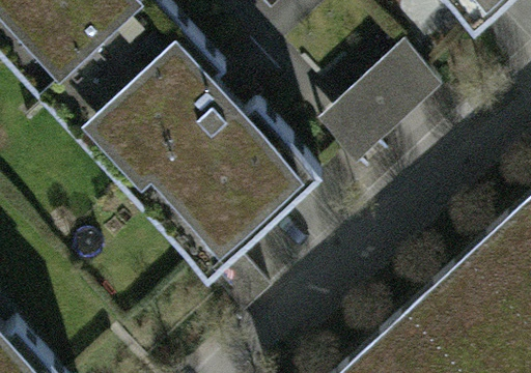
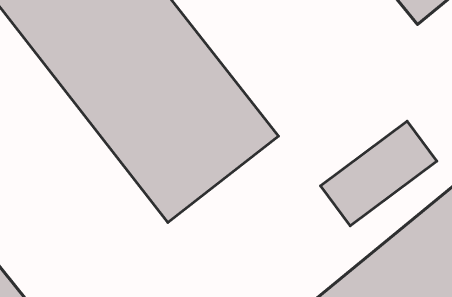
building: [314,41,440,160] -> [320,121,437,226]

